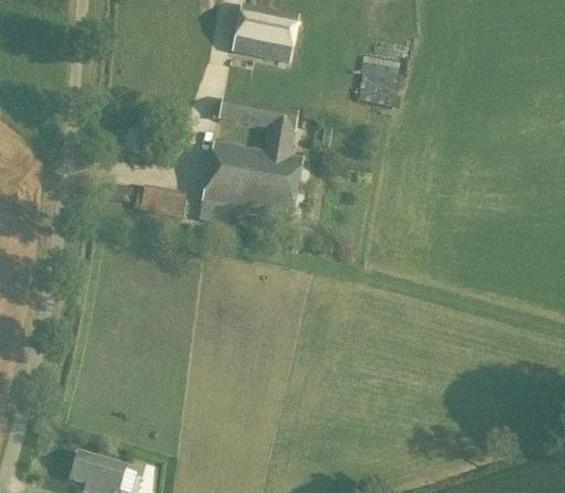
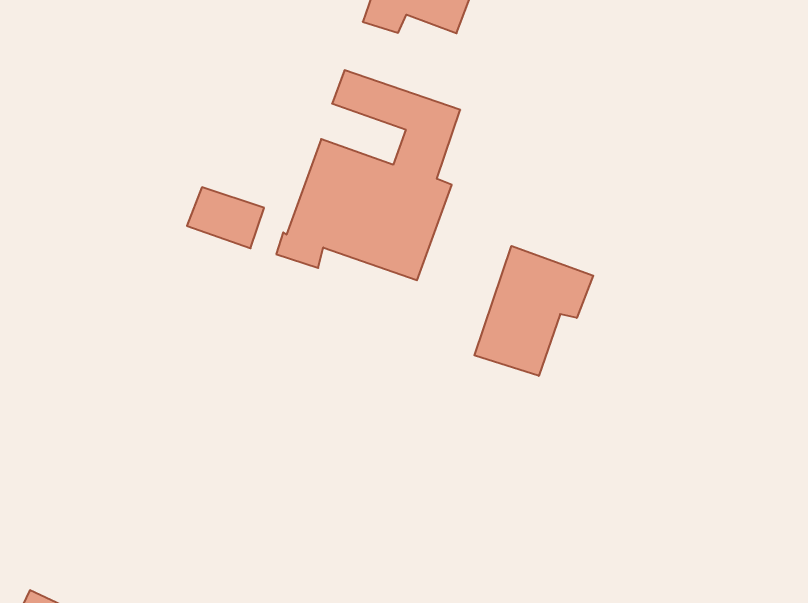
building: none -> [474,246,593,376]

